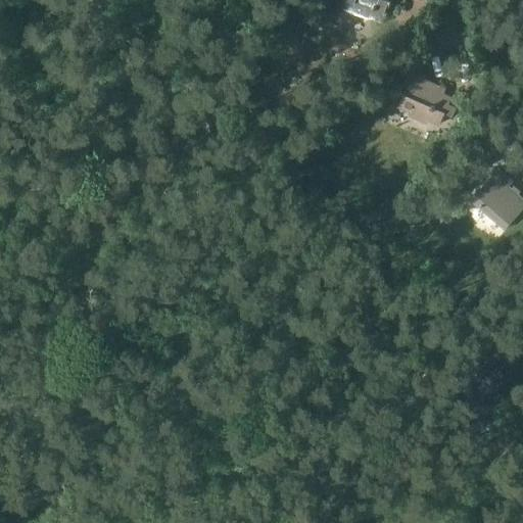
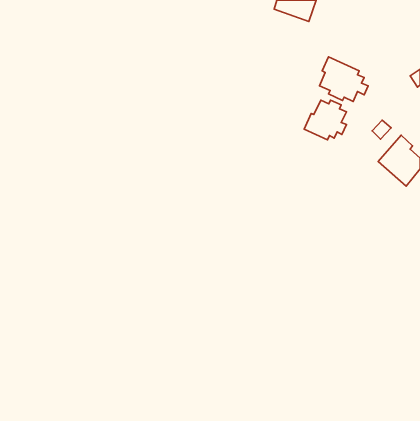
building: none -> [304,100,347,140]

